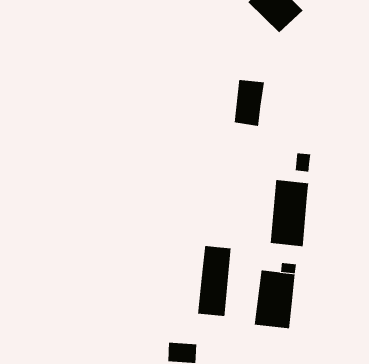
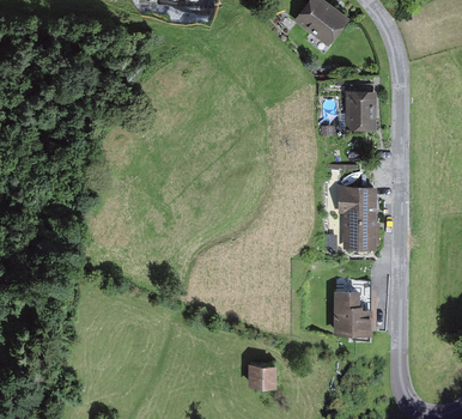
building: [234,79,265,126] -> [348,89,375,133]
building: [197,245,231,317] -> none

